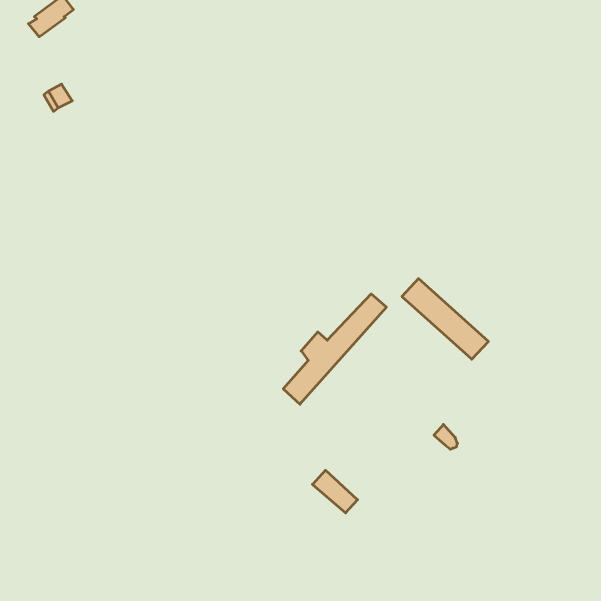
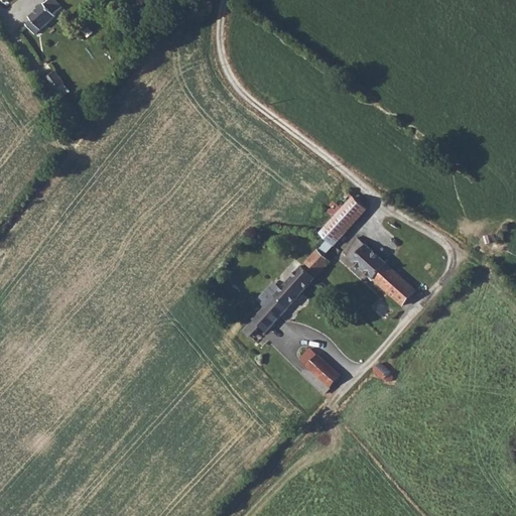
building: none -> [315,196,363,261]
building: [312,470,358,513] -> [298,348,337,384]

